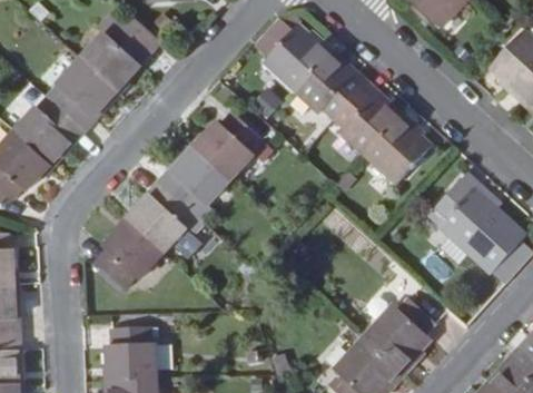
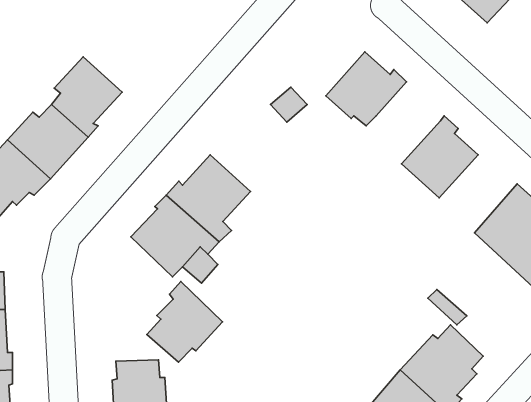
building: [82,12,161,89] -> none
building: [256,18,335,92] -> none
building: [340,80,398,153] -> none
building: [195,110,273,177] -> none
building: [95,217,161,288] -> [147,282,222,362]

